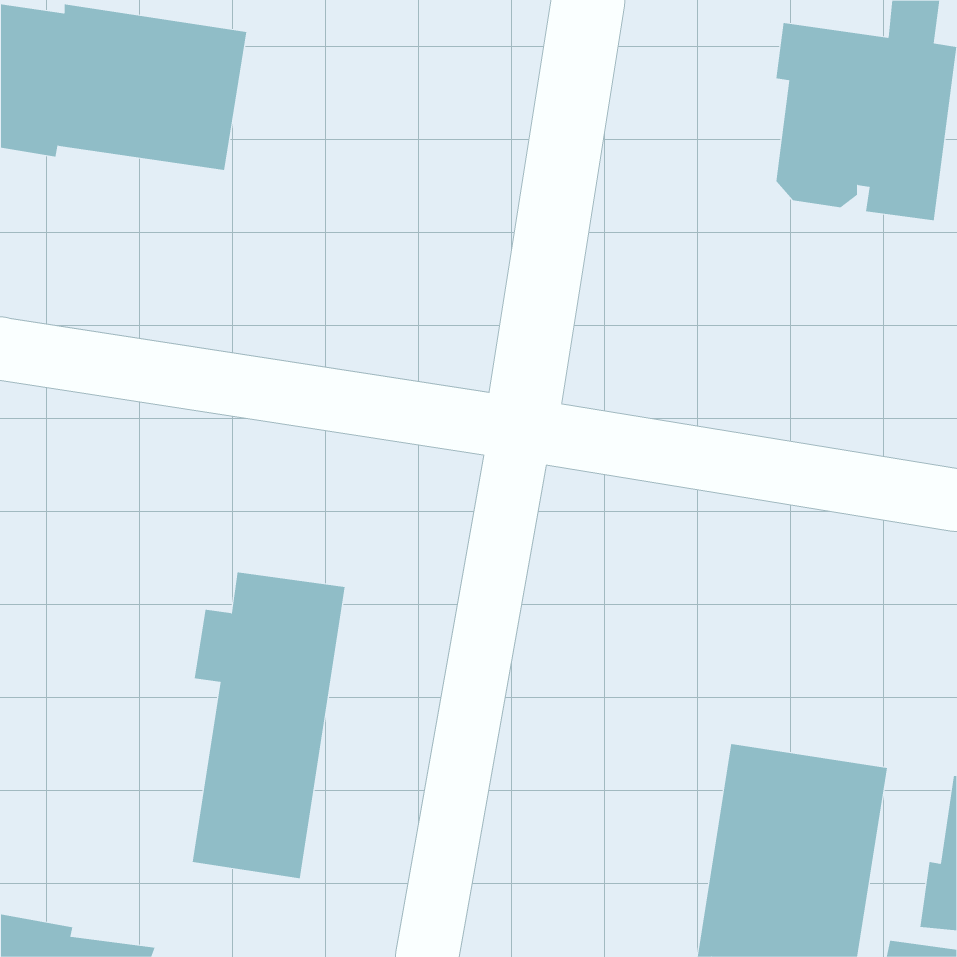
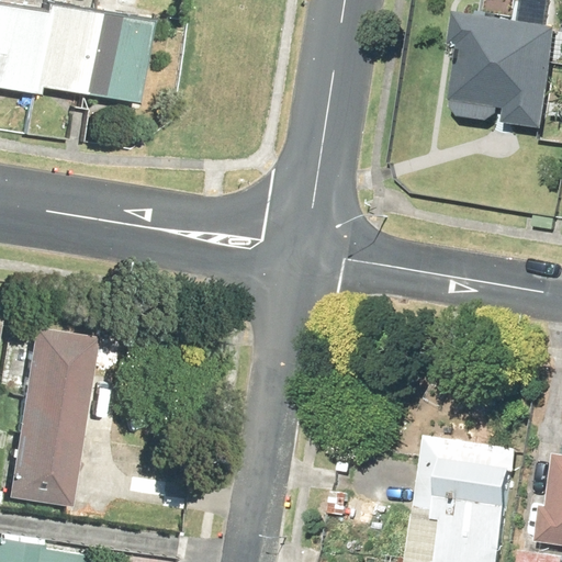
building: [192,572,345,879] -> [4,326,94,506]

